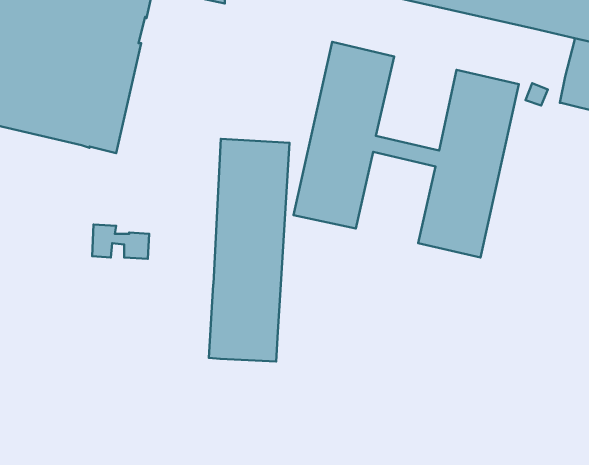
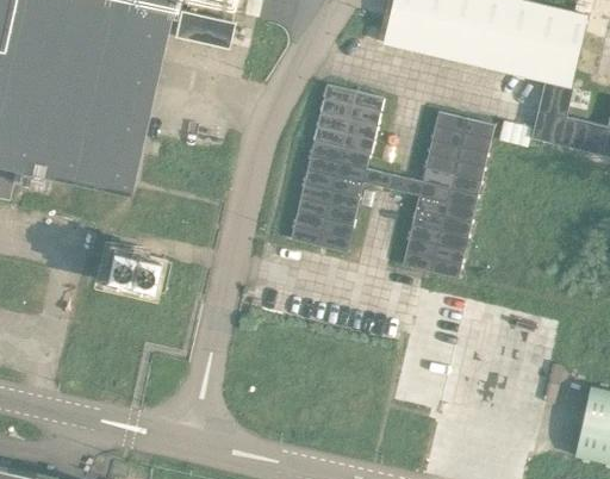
building: [209,139,290,361] -> none

